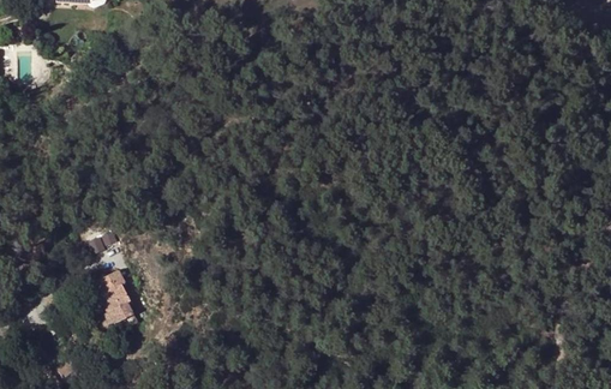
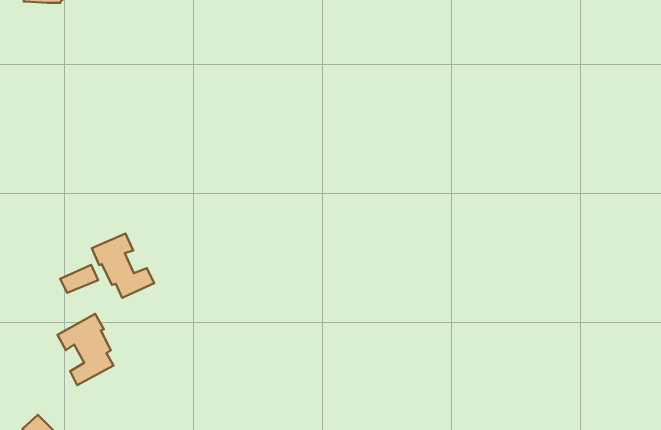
building: none -> [92,234,154,298]

